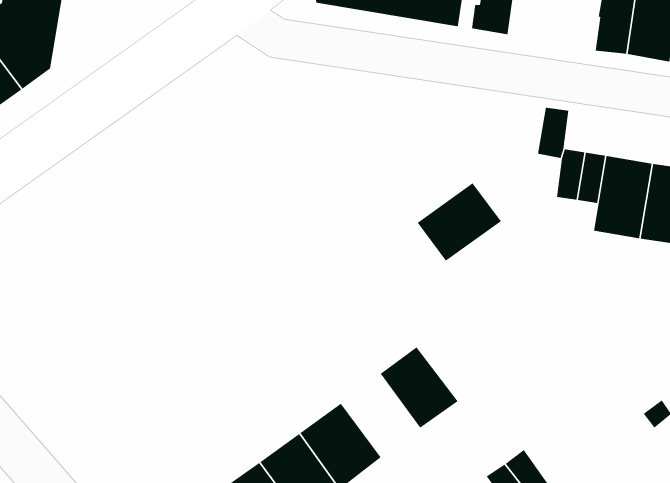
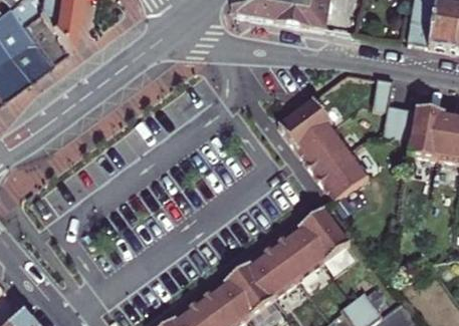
building: none -> [278,97,332,149]
building: none -> [315,148,370,200]
building: none -> [297,207,350,261]
building: none -> [250,244,299,296]

